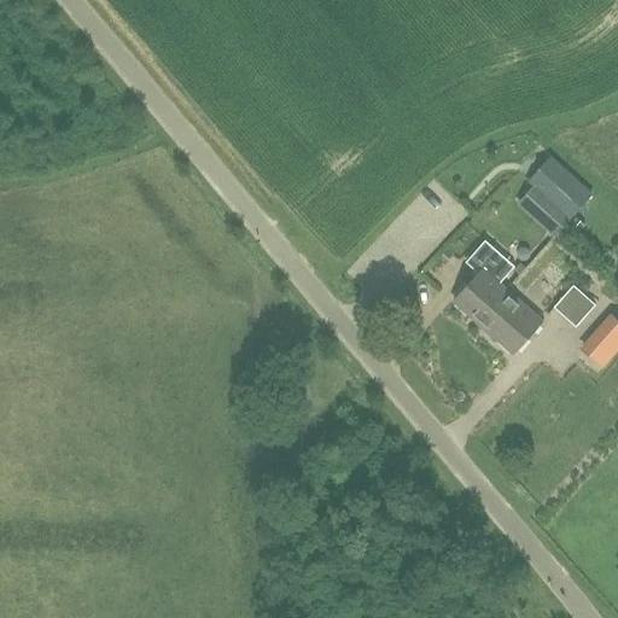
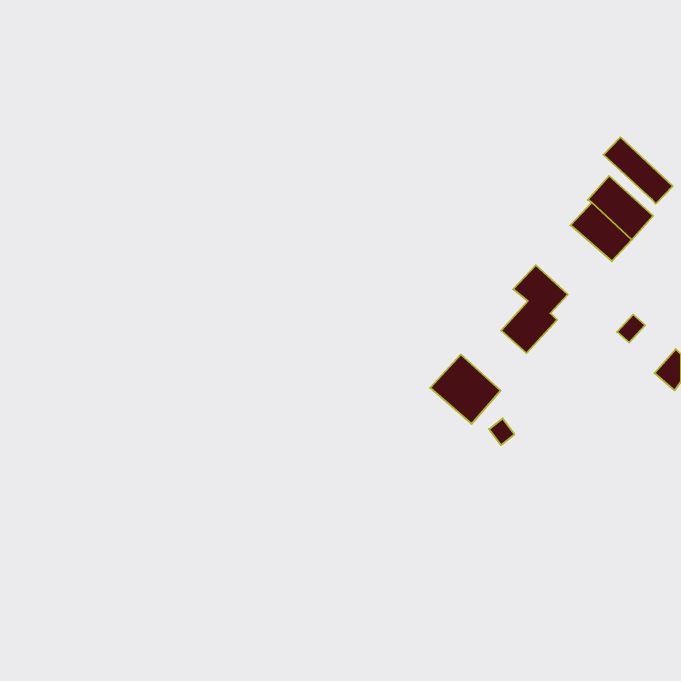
building: none -> [603,137,673,204]
building: [477,290,541,352] -> [430,355,501,424]

